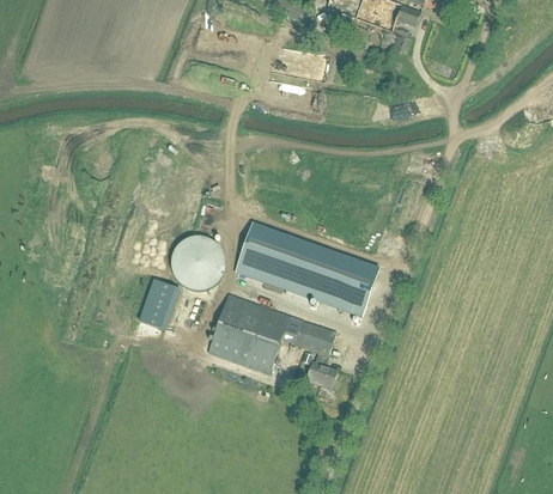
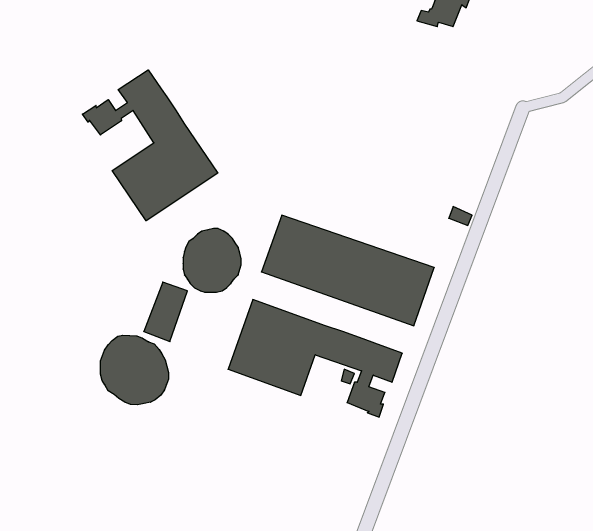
building: none -> [82,70,218,221]
building: none -> [100,335,169,405]

